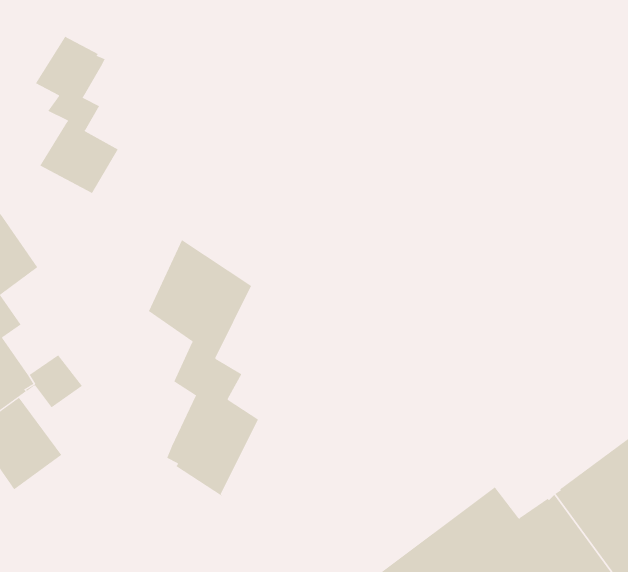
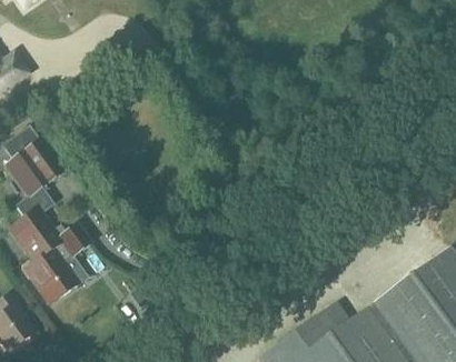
building: [35,36,118,194] -> none
building: [148,239,259,497] -> none

